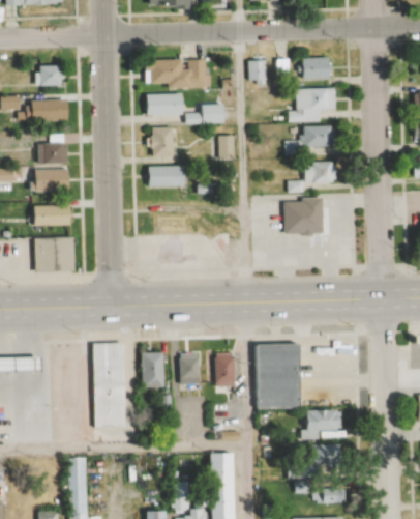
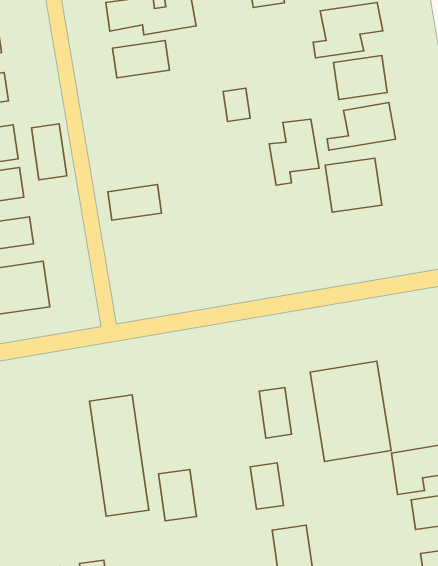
building: [187,104,228,122] -> none
building: [151,127,175,156] -> none
building: none -> [31,124,67,180]
building: none -> [269,119,319,185]
building: [147,166,183,186] -> [108,185,162,220]
building: [141,353,163,387] -> [159,469,197,521]
building: [180,354,200,385] -> [250,463,283,509]

